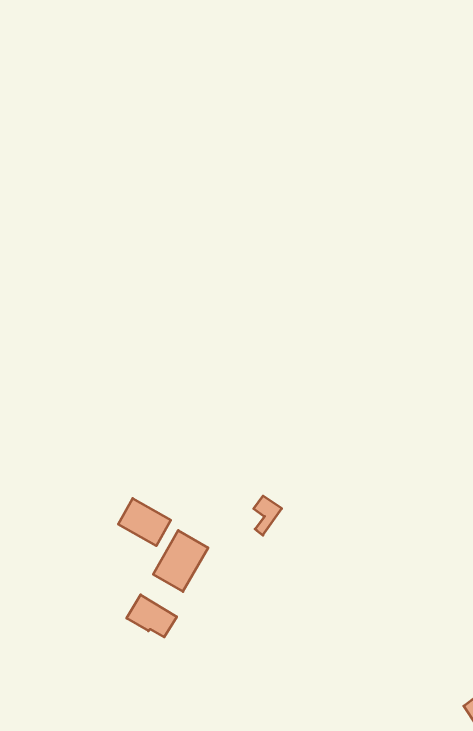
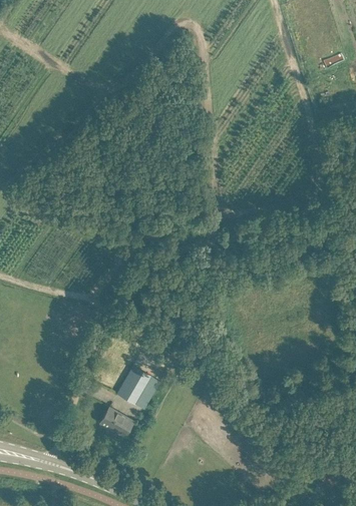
building: [118,498,171,546] -> none

